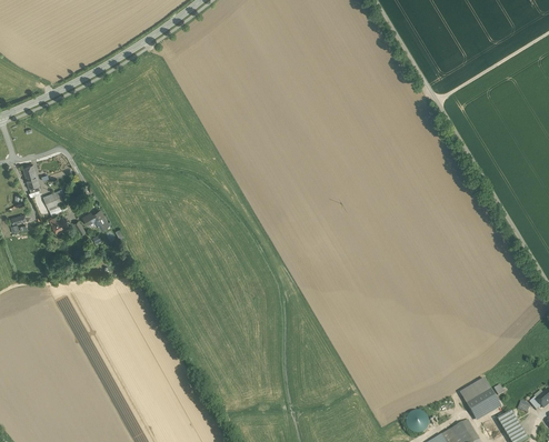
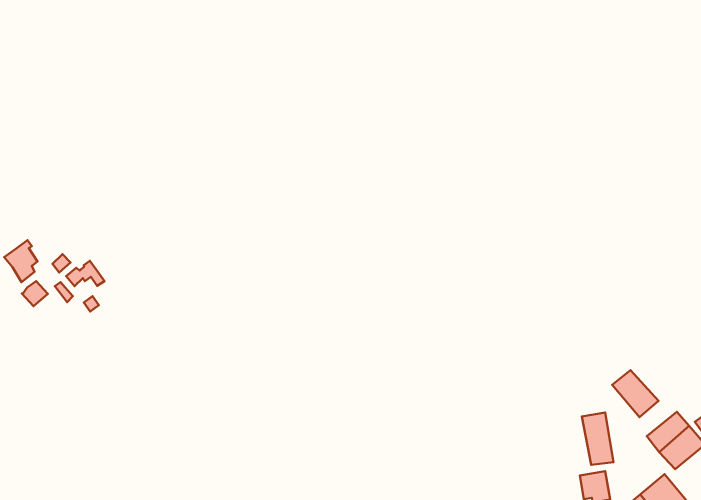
building: none -> [612,370,659,417]
building: none -> [582,412,613,465]

